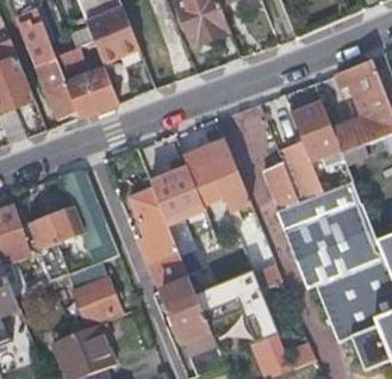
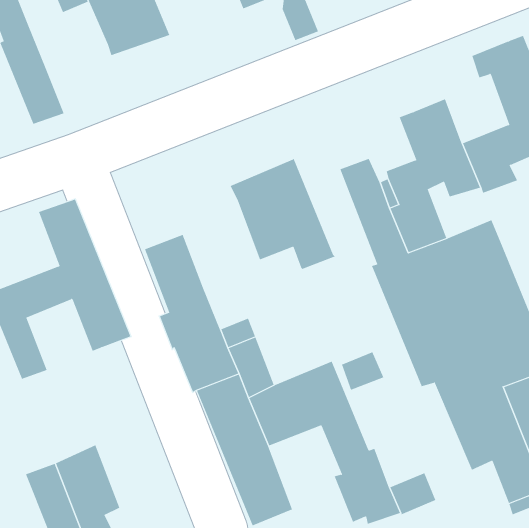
building: [66,67,119,116] -> none
building: [150,167,204,223] -> none
building: [50,261,120,324] -> none

